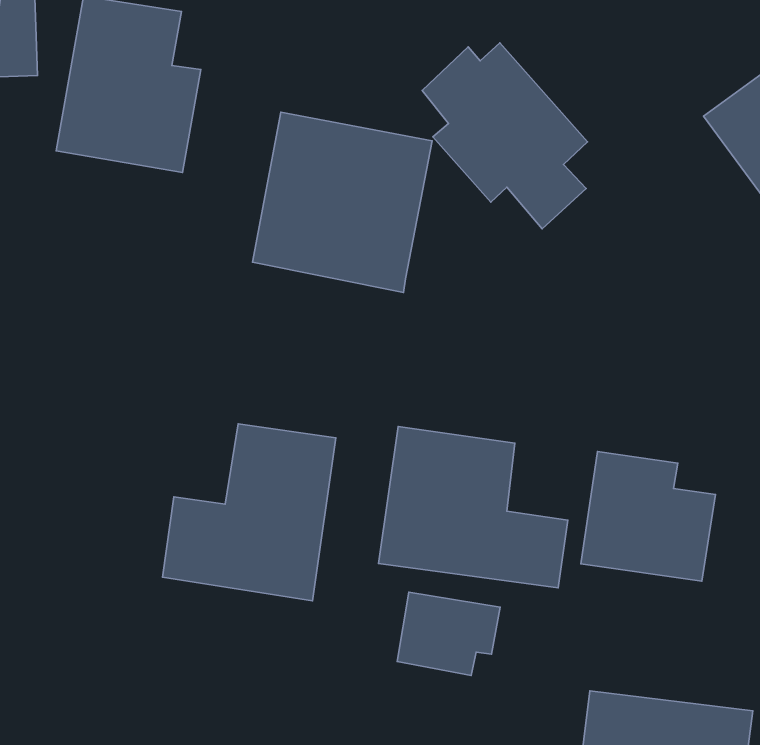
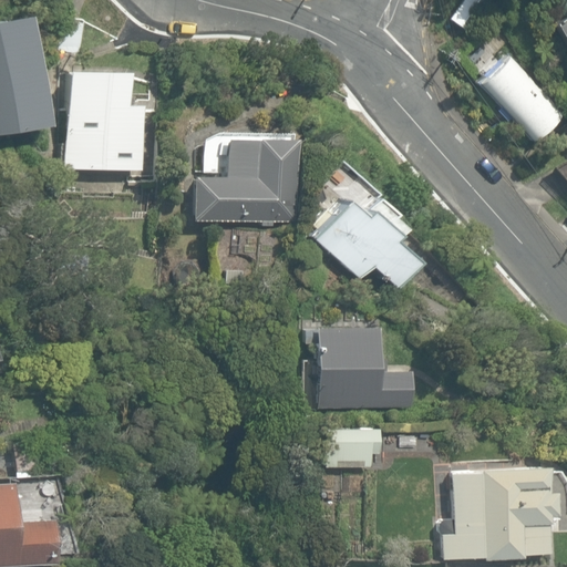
building: [422,43,588,229] -> [305,174,419,289]
building: [162,424,336,601] -> none
building: [581,451,716,581] -> none

